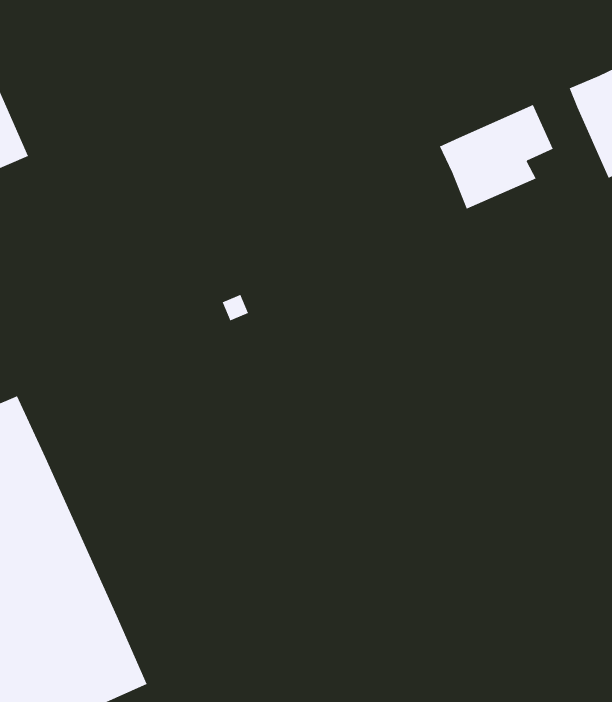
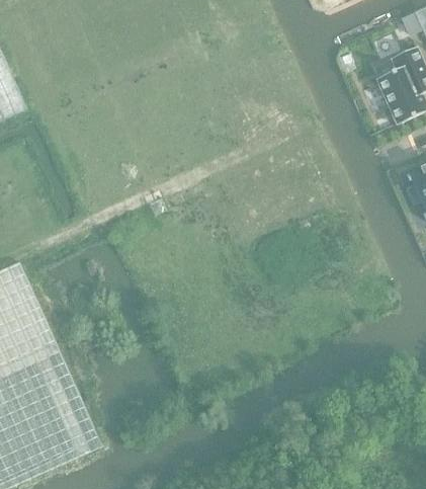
building: [439,104,554,209] -> none

